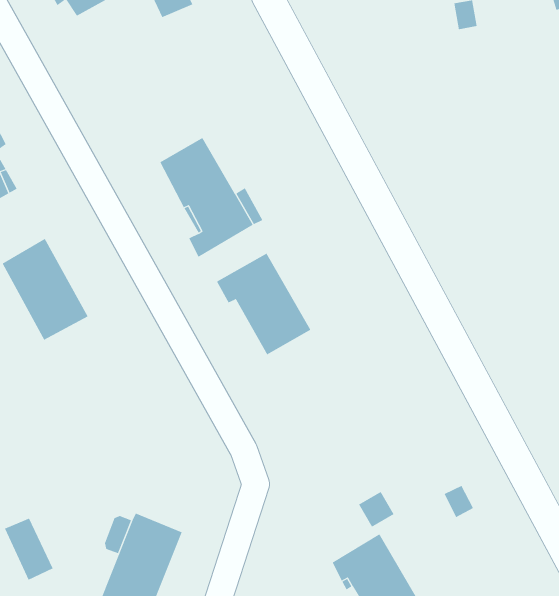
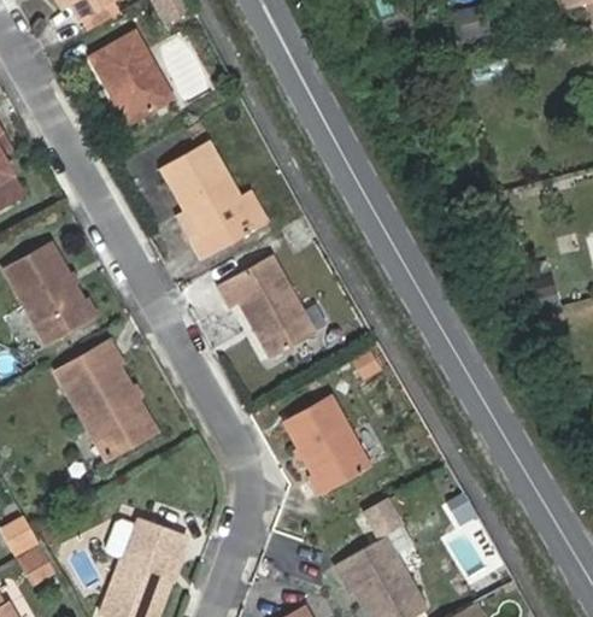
building: none -> [89,31,170,118]
building: none -> [60,345,153,454]
building: none -> [284,395,372,494]

